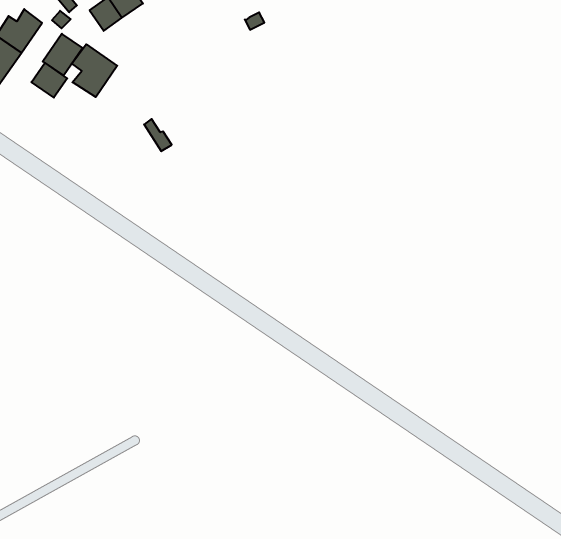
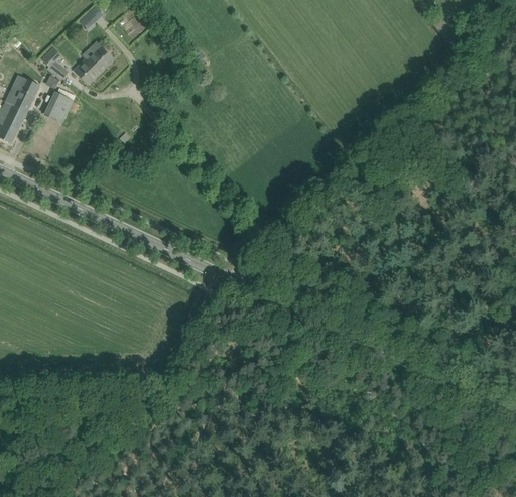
building: [72,44,117,97] -> none
building: [31,63,67,98] -> none

